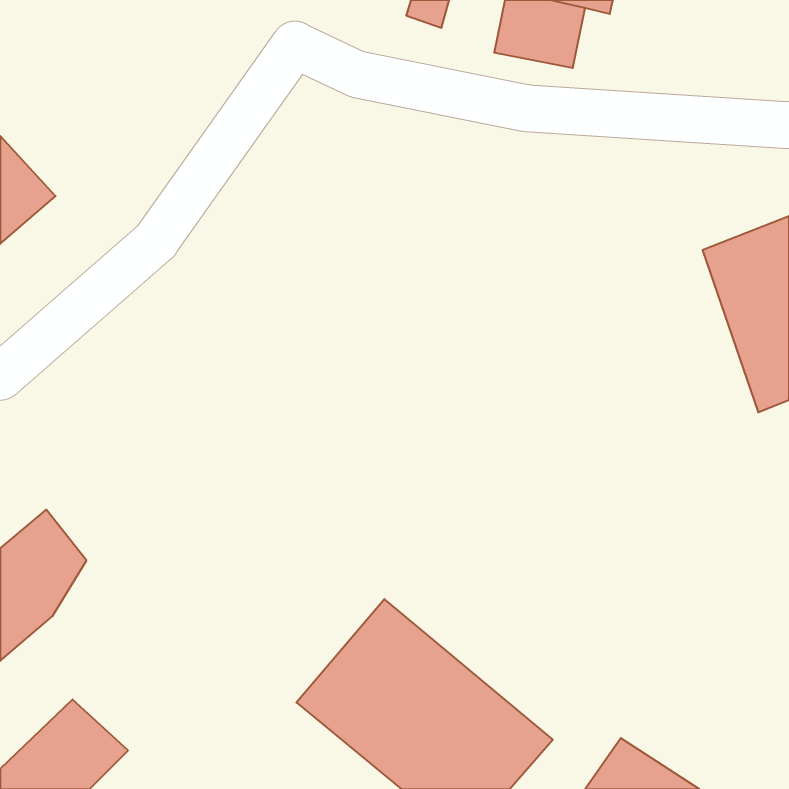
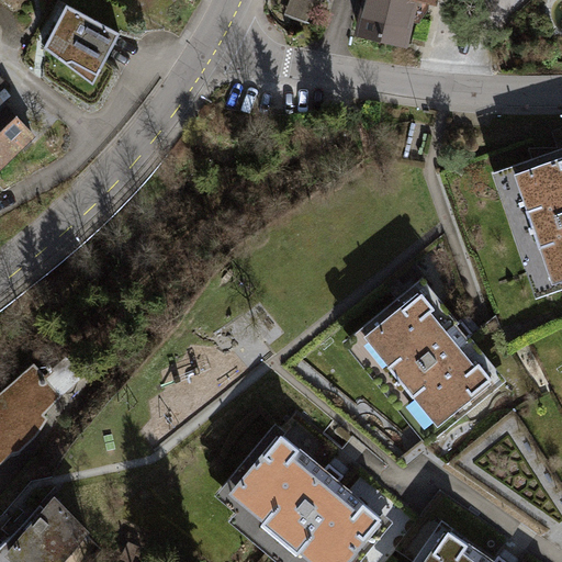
building: none -> [43,4,122,86]
building: none -> [350,296,497,458]

